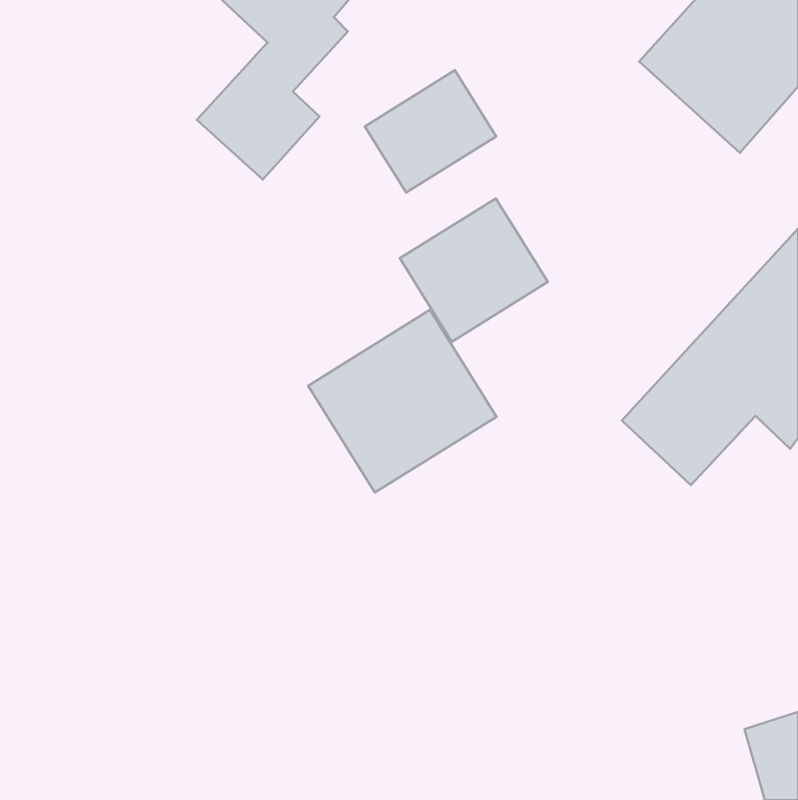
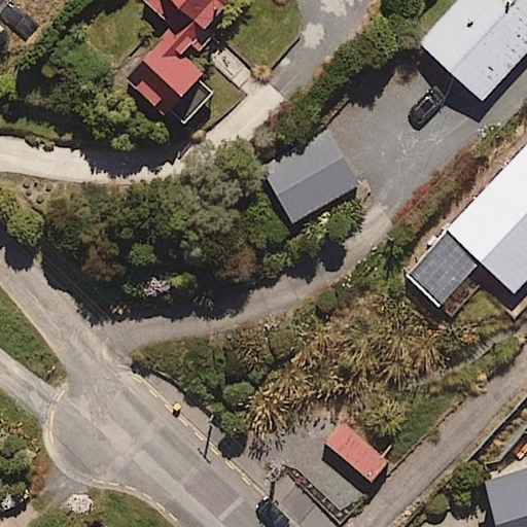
building: [365,70,496,193] -> none
building: [308,310,496,493] -> none

